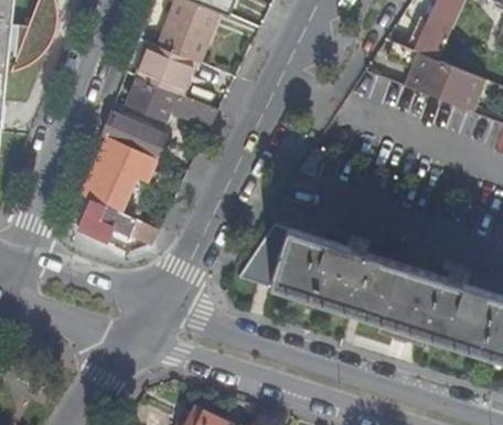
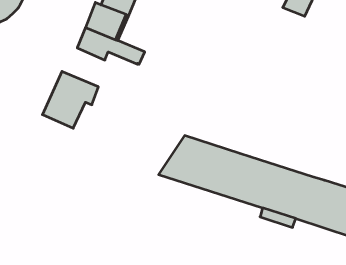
building: [385,43,484,110] -> none
building: [100,111,165,157] -> none
building: [71,194,158,243] -> none

